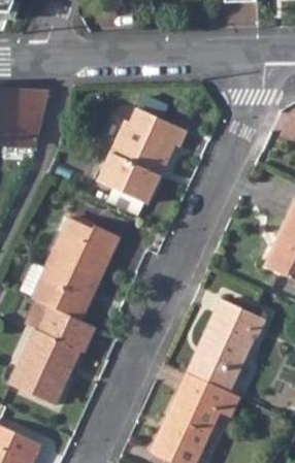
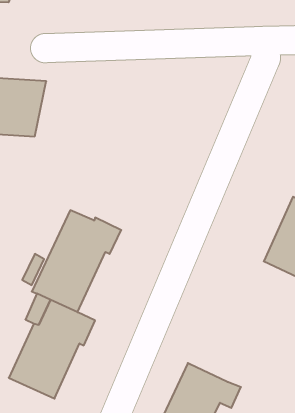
building: [99,109,187,205] -> none
building: [190,299,262,388] -> none

